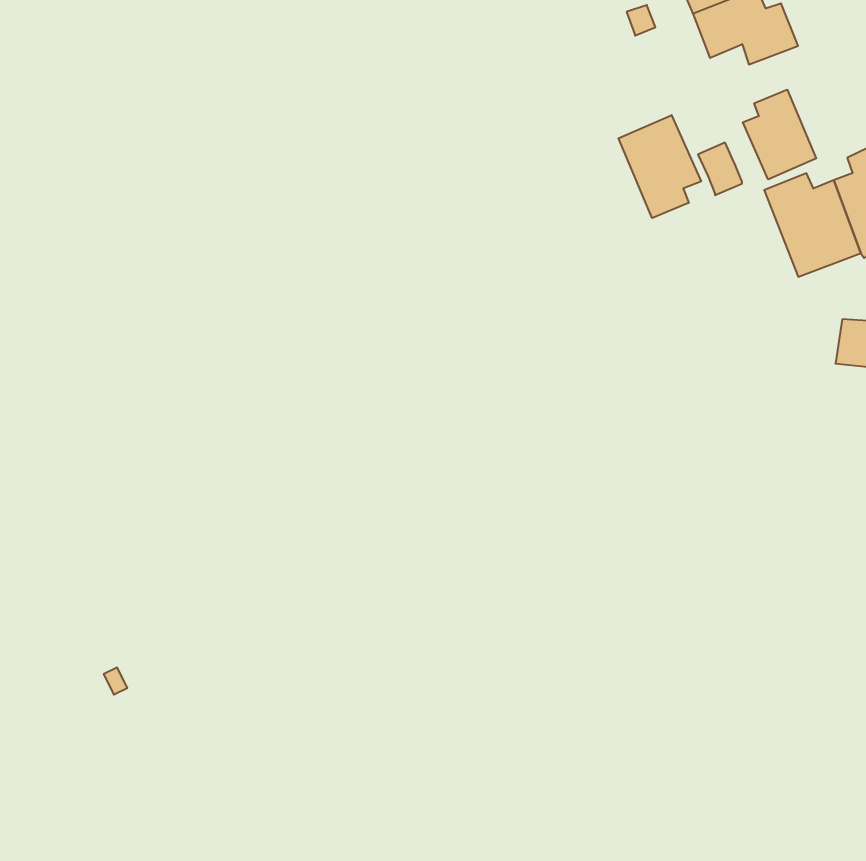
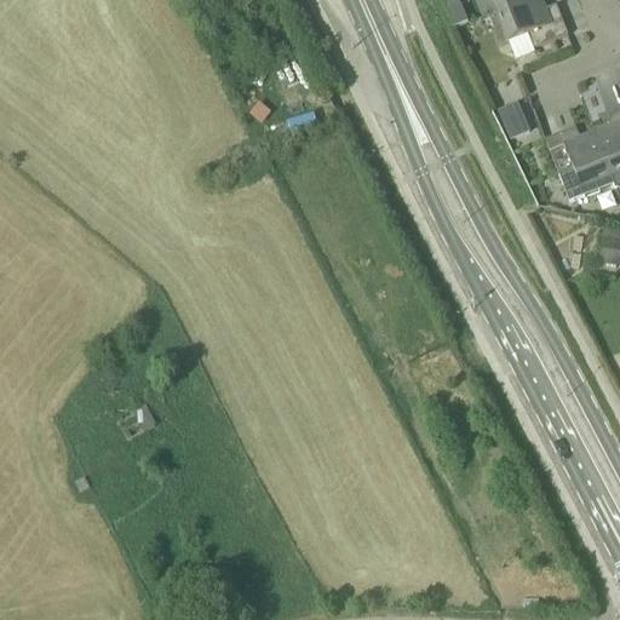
building: [743,90,816,179] -> none
building: [618,115,701,218] -> none

